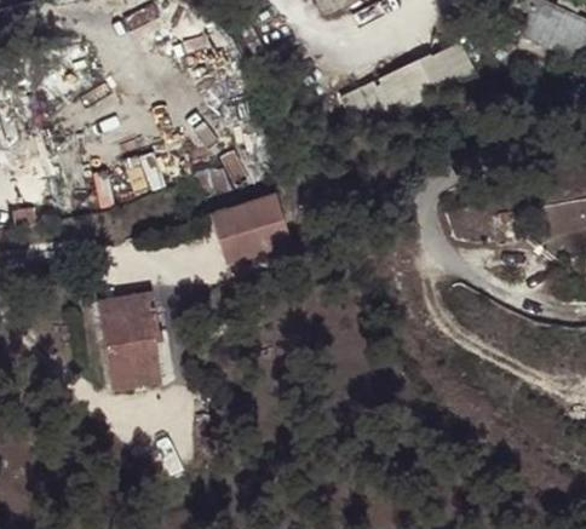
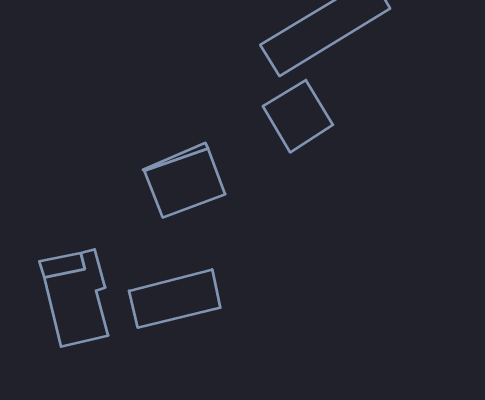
building: none -> [263,80,333,152]
building: none -> [129,269,220,328]

